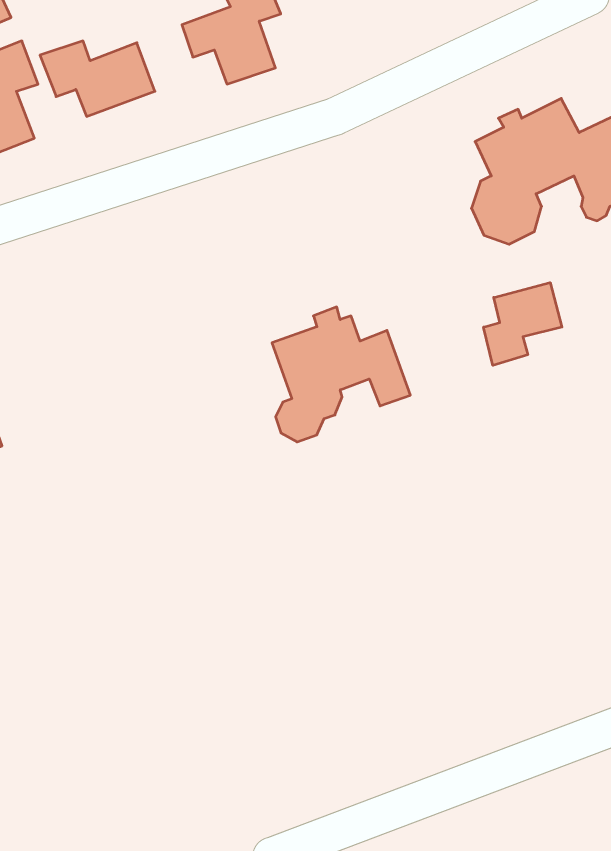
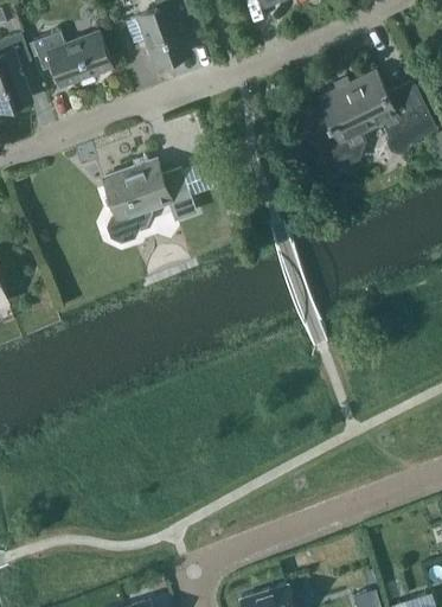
building: [484,283,562,365] -> none
building: [272,307,410,442] -> [105,154,197,243]

